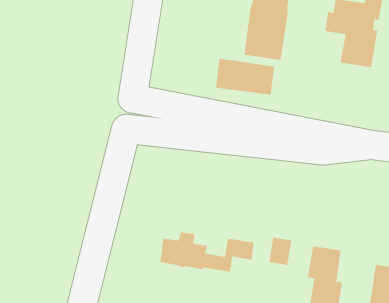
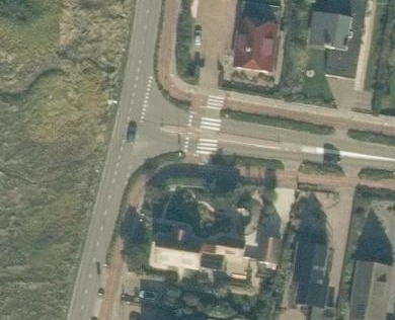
building: [215,58,275,95] -> none

